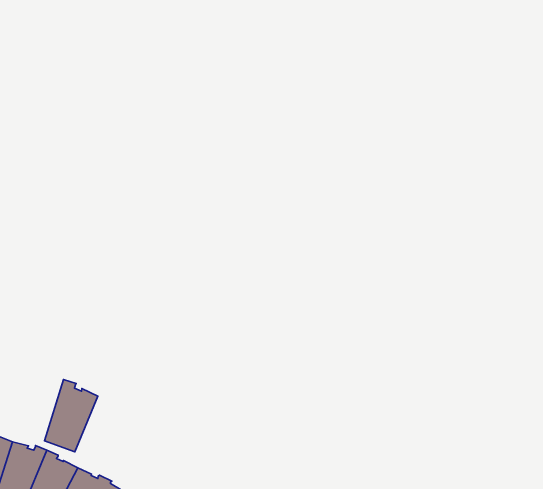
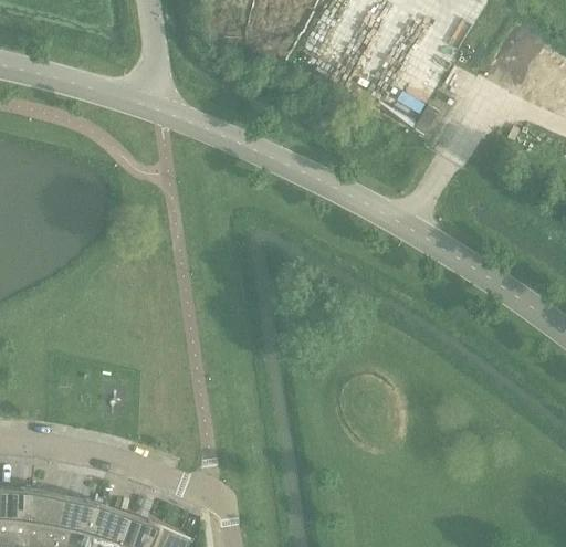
building: [44,380,98,452] -> none

